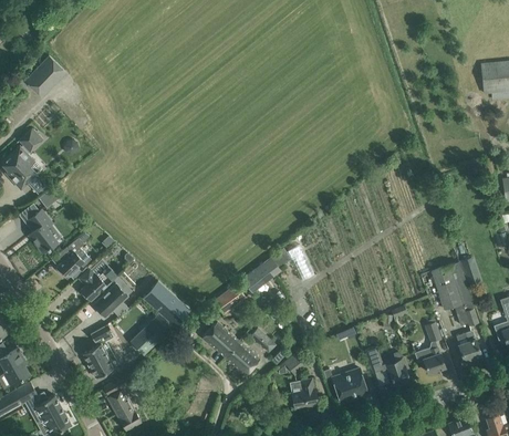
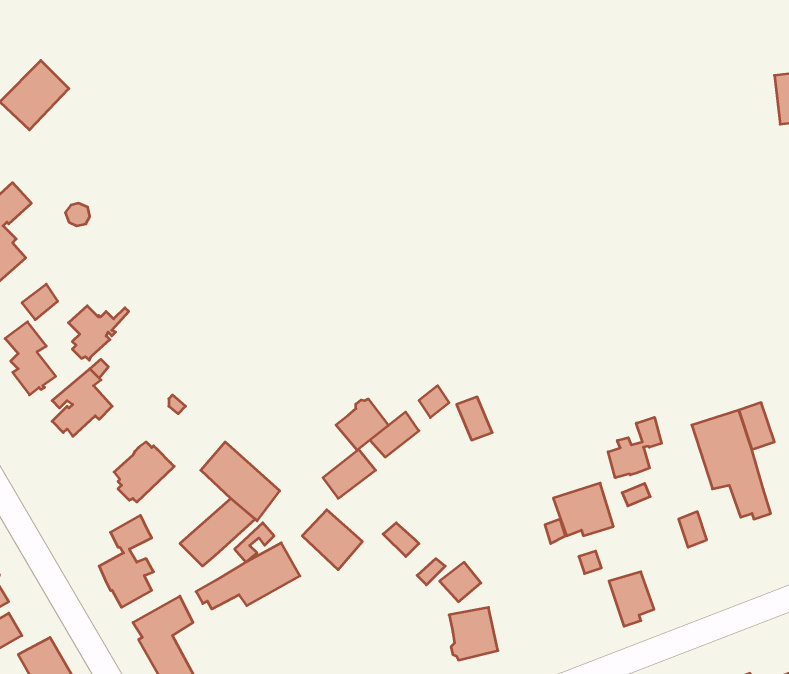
building: none -> [336,399,388,450]
building: none -> [608,417,662,478]
building: [79,269,114,301] -> [68,306,129,360]
building: [456,331,481,361] -> none
building: [224,340,259,375] -> none
building: none -> [196,543,300,609]
building: [415,347,445,373] -> none
building: [332,368,367,399] -> [553,483,613,536]

